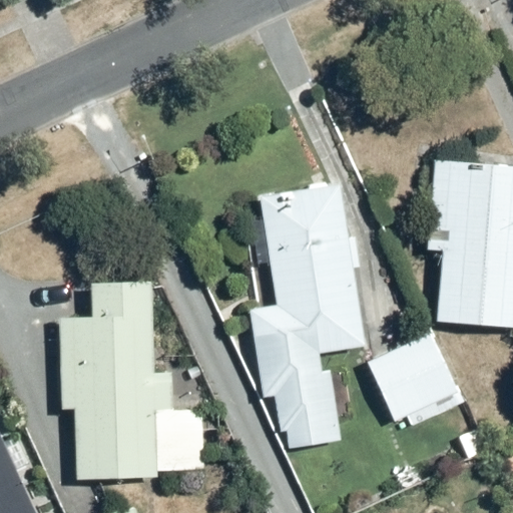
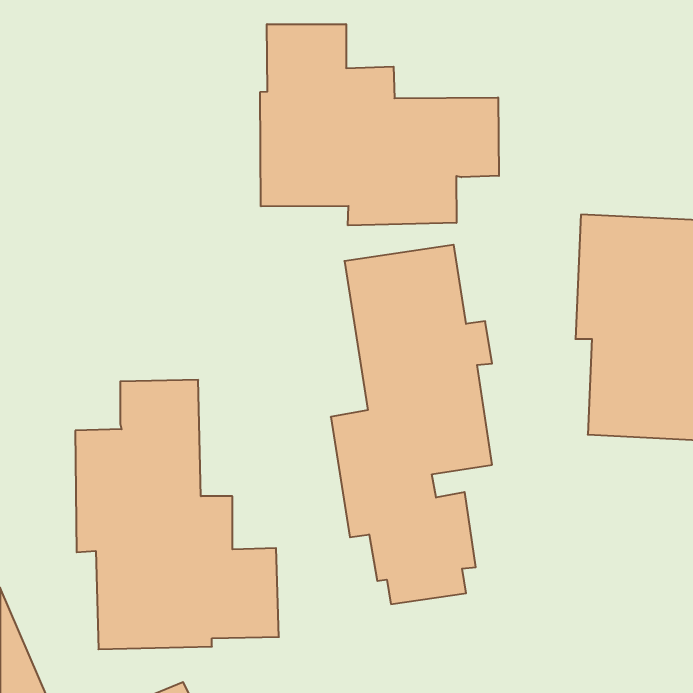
building: none -> [260,24,499,225]
building: [365,329,470,432] -> none

